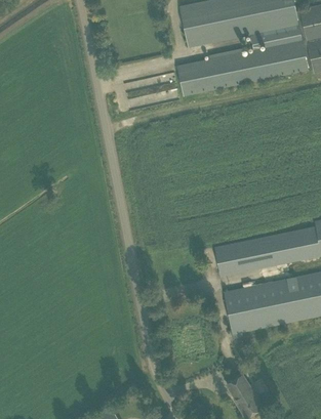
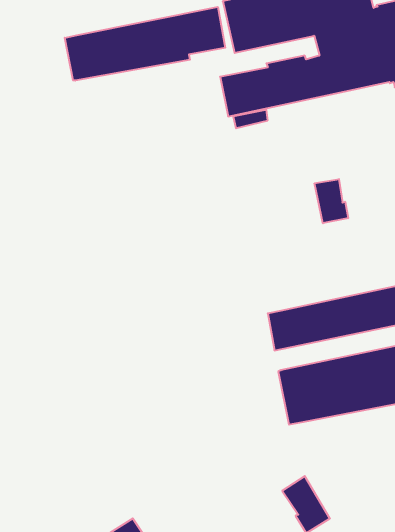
building: none -> [65,7,225,81]
building: none -> [315,179,348,223]

